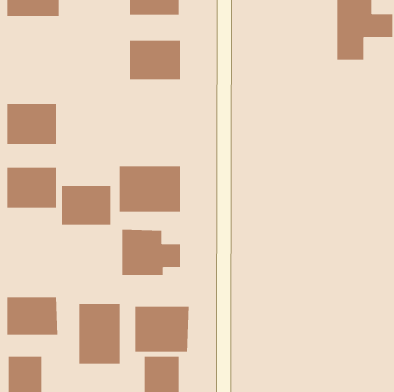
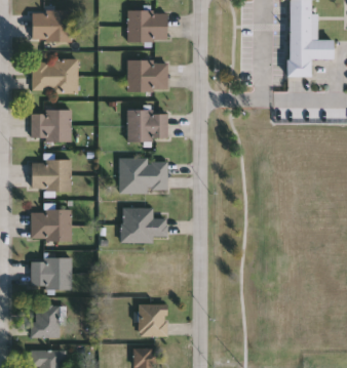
building: none -> [32,60,78,92]
building: none -> [127,110,167,141]
building: [61,185,111,225] -> [32,210,71,241]
building: [79,303,120,365] -> none
building: [135,306,189,352] -> none

